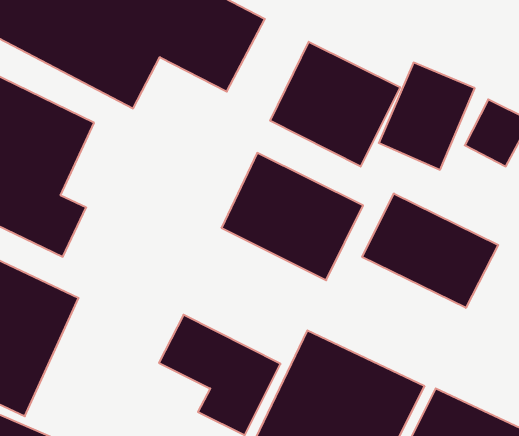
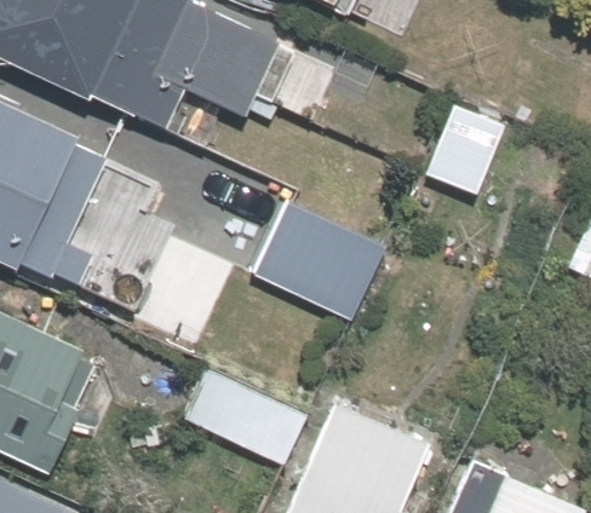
building: [270,42,400,167] -> none
building: [362,193,498,308] -> none

